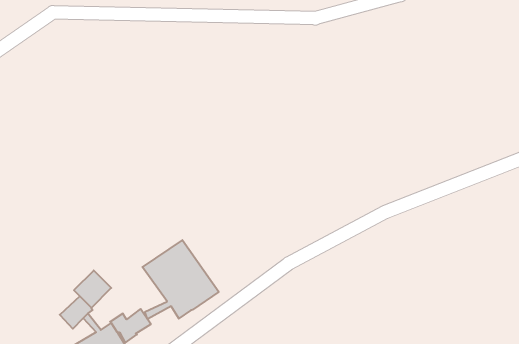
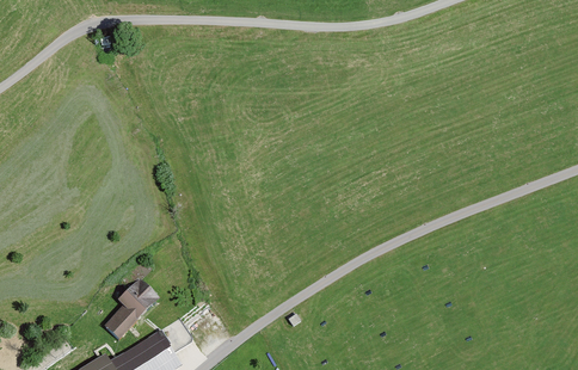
building: [142,240,219,319] -> none

